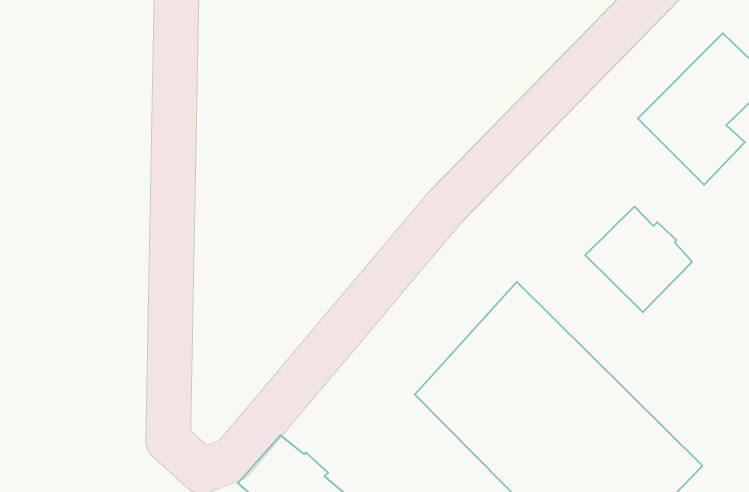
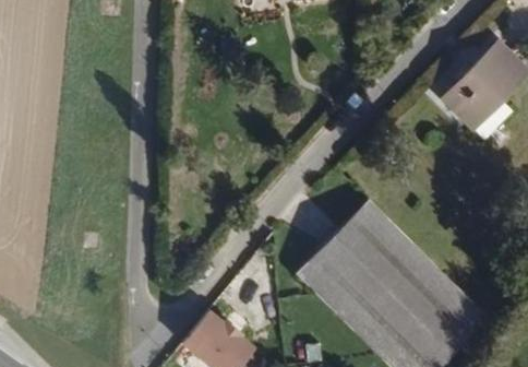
building: [585,207,692,312] -> none

